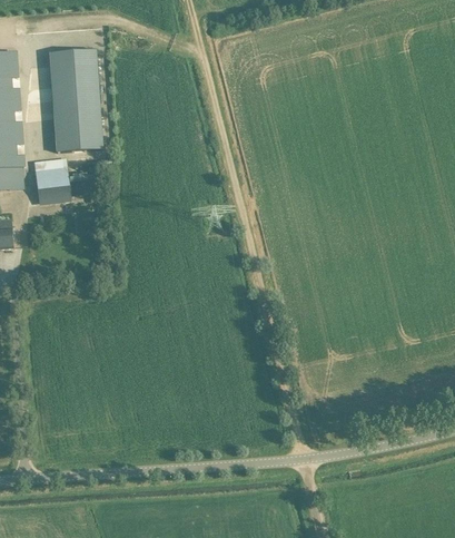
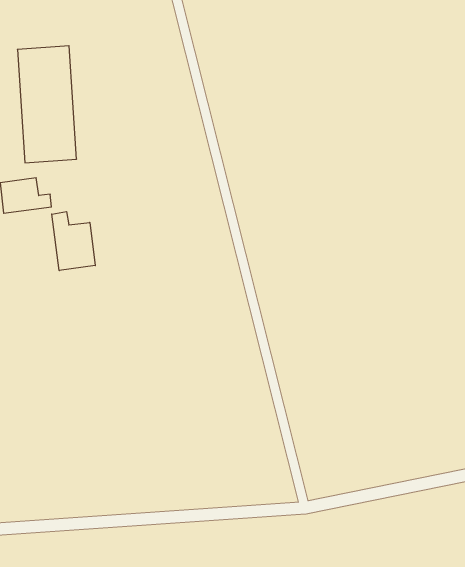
building: none -> [52,212,95,271]

